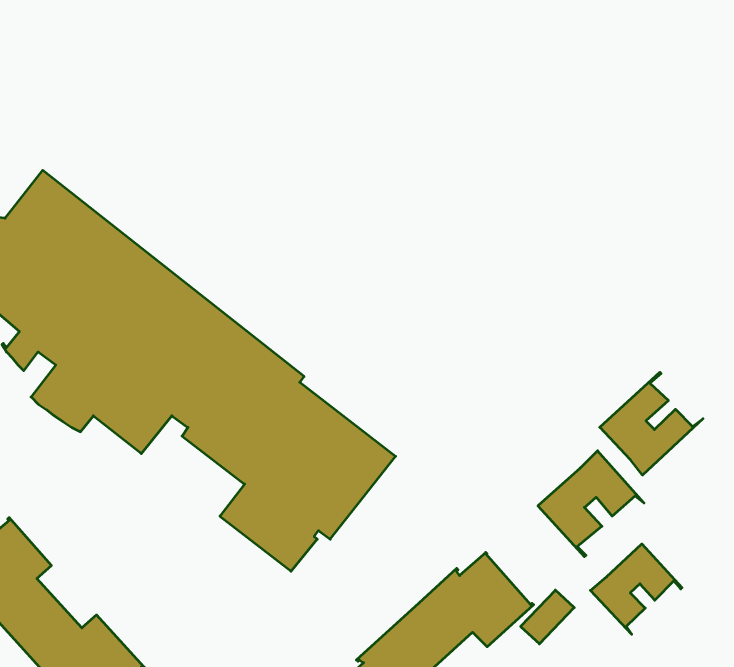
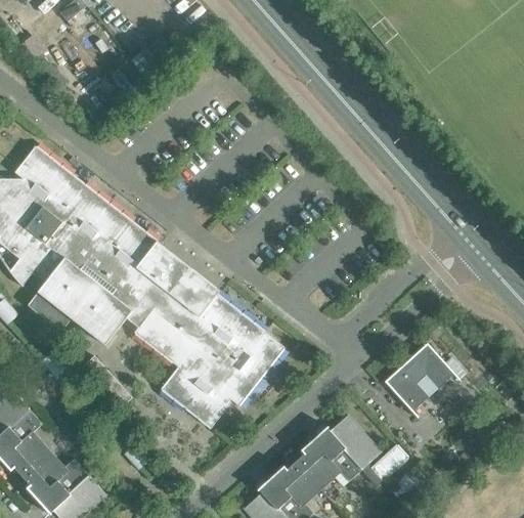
building: [600,372,703,475] -> none
building: [590,544,682,634] -> none

